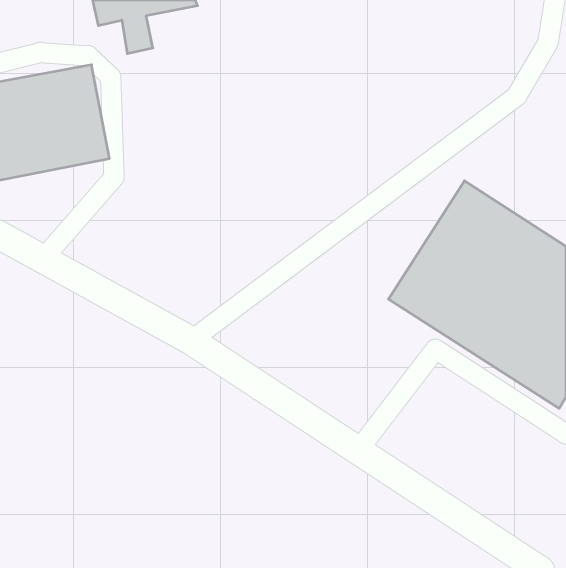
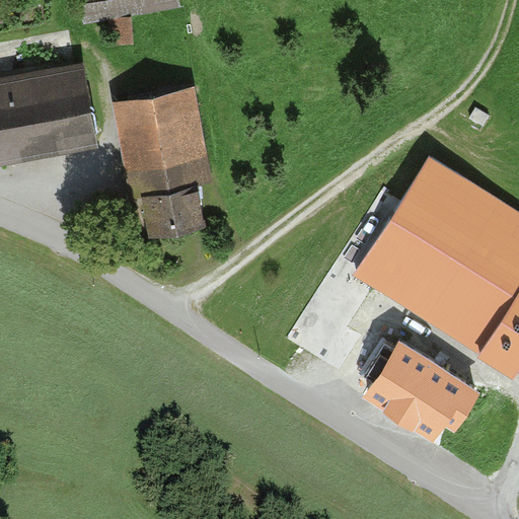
building: none -> [115,84,213,237]
building: none -> [369,345,471,439]

